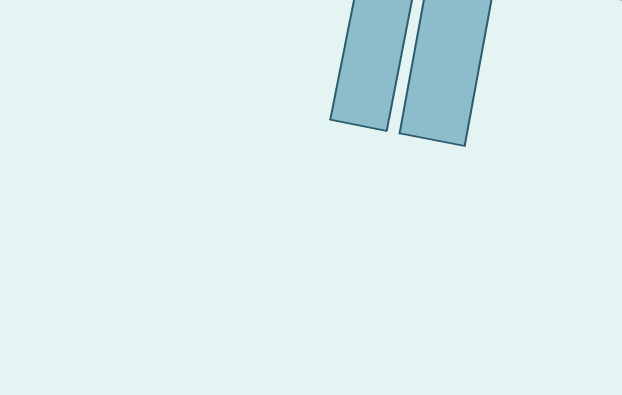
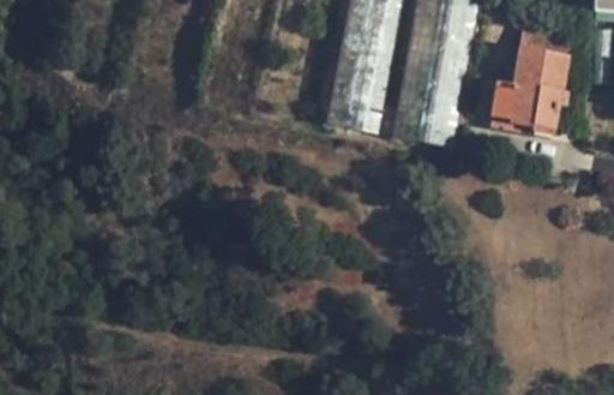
building: none -> [490,28,572,131]

